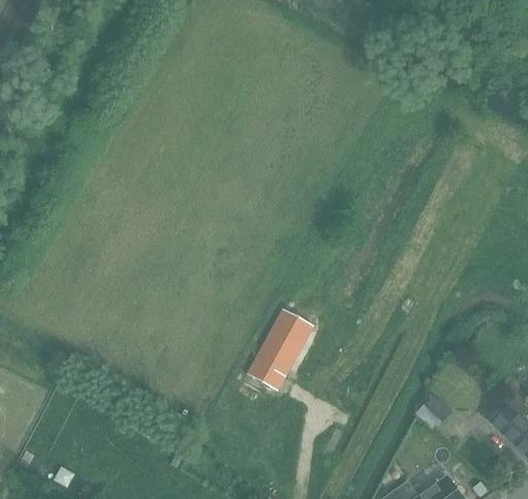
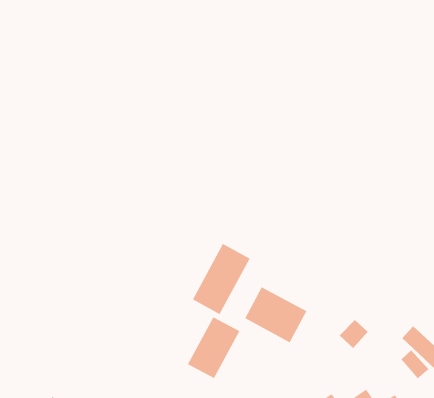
building: none -> [244,286,307,343]
building: none -> [187,316,240,379]

